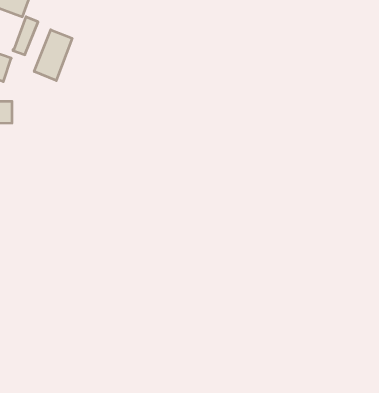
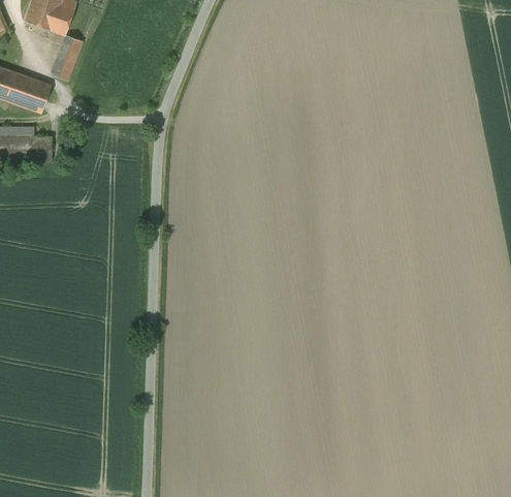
building: [34,30,72,81] -> none

